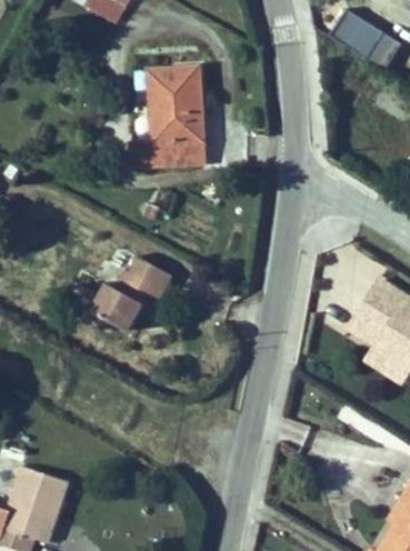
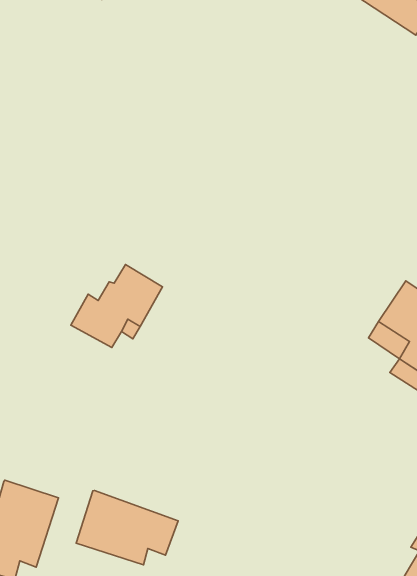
building: [124,69,199,169] -> none
building: none -> [76,490,178,565]

